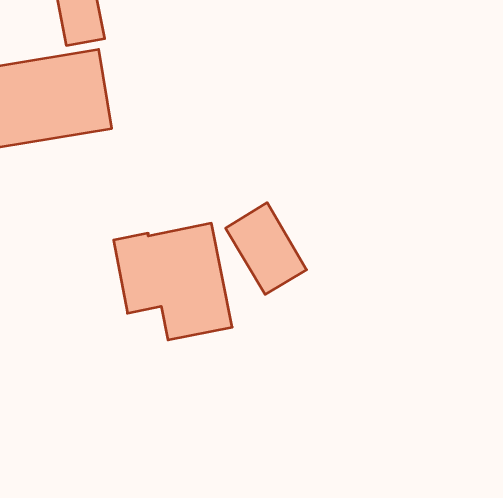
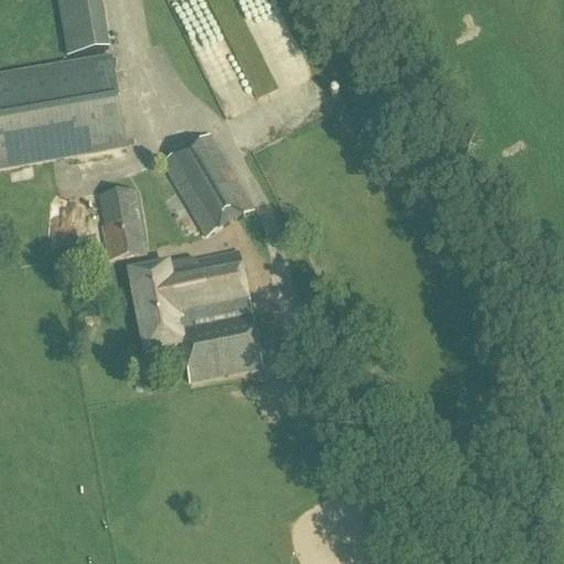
building: none -> [95,185,145,259]
building: [226,203,307,294] -> [160,131,250,234]

